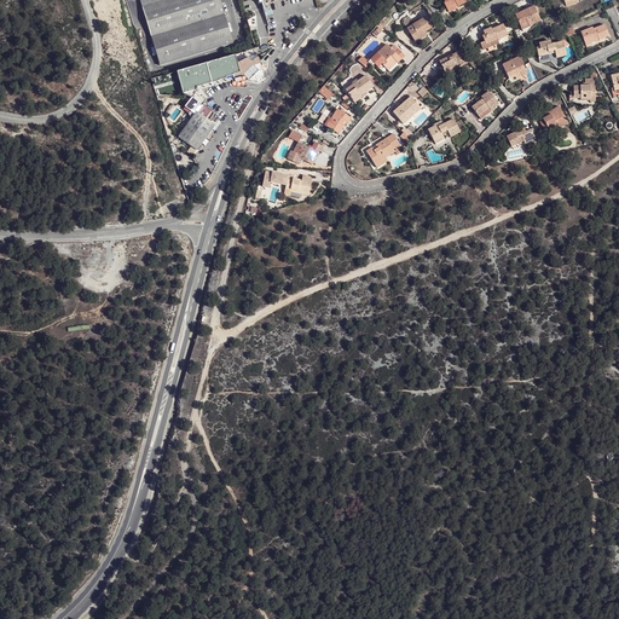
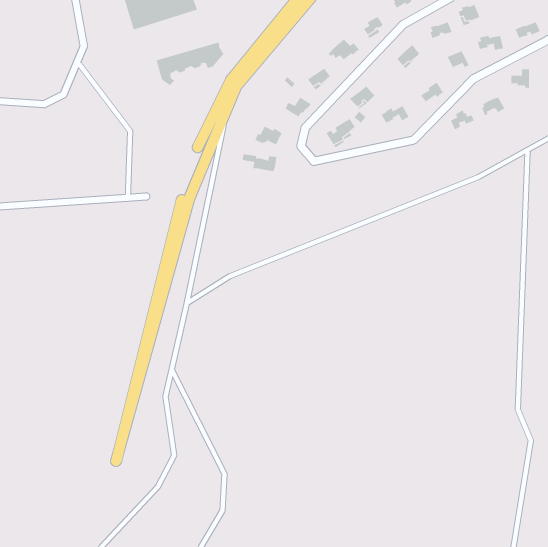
building: [150,11,231,63] -> none
building: [174,97,218,149] -> none

